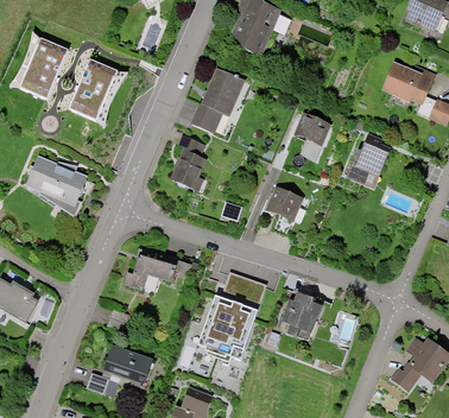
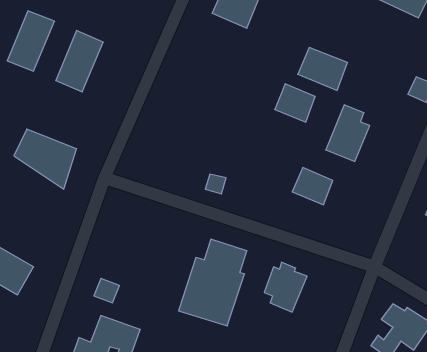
building: [382,64,434,108] -> [298,48,348,90]
building: [195,70,246,137] -> none
building: [170,135,205,191] -> none
building: [263,186,304,224] -> [292,168,333,205]
building: [121,246,181,294] -> none

